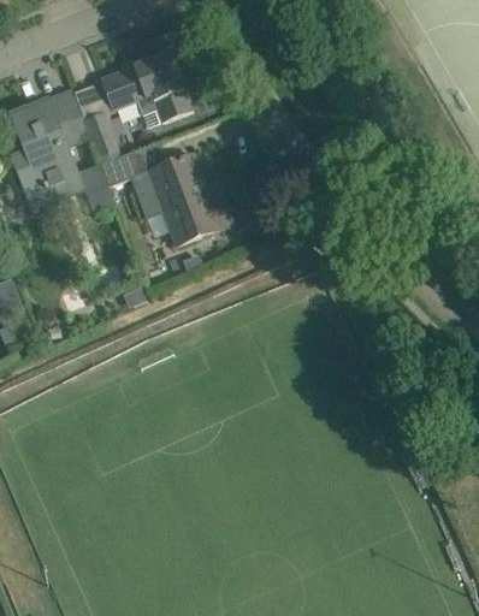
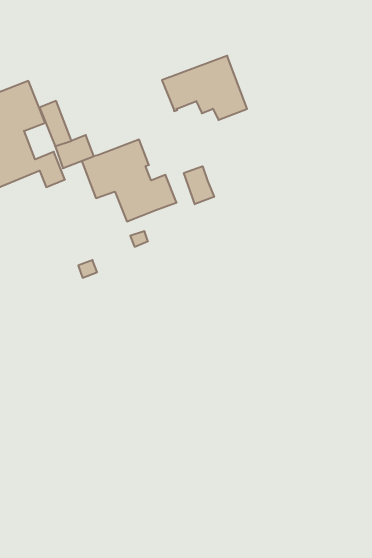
building: [99,51,191,120] -> [162,56,247,120]
building: none -> [184,166,214,204]

